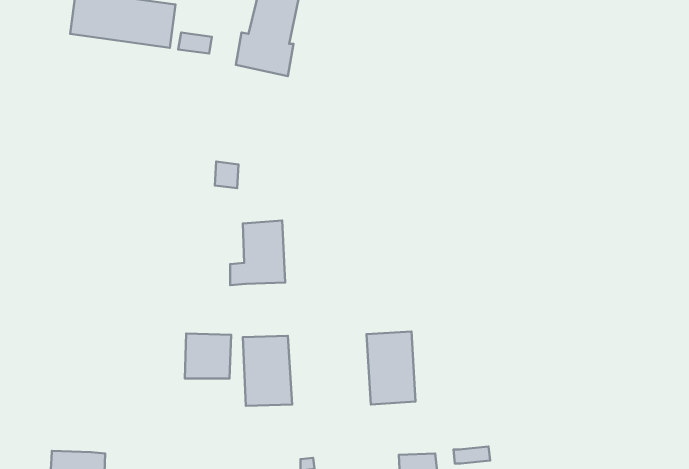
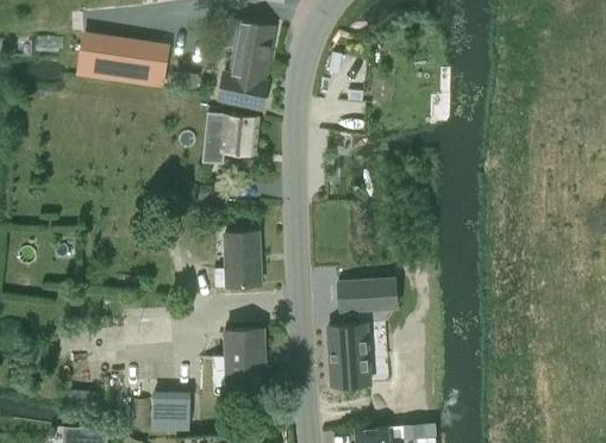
building: none -> [202,113,257,163]
building: none -> [337,279,398,312]
building: [185,333,231,378] -> [151,392,190,430]

